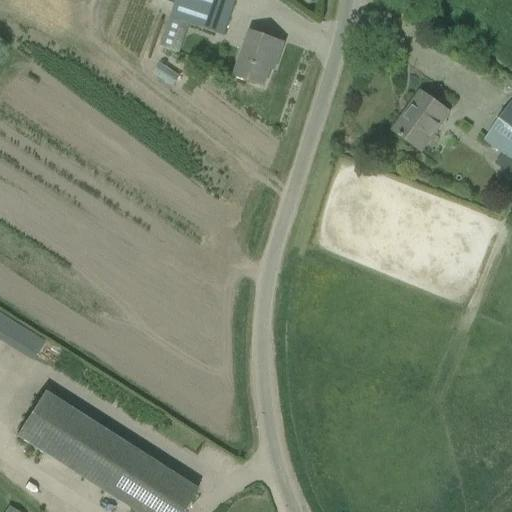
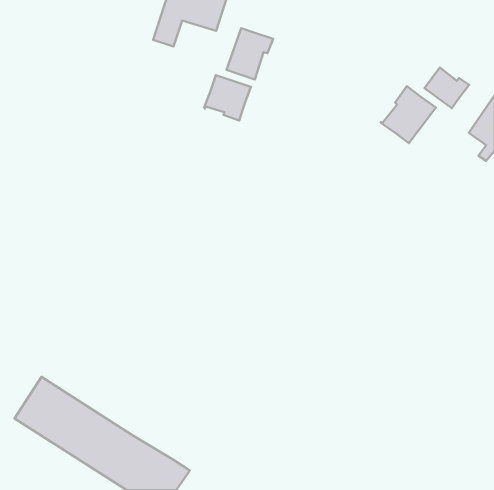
building: none -> [425,68,469,108]
building: none -> [204,75,251,120]

